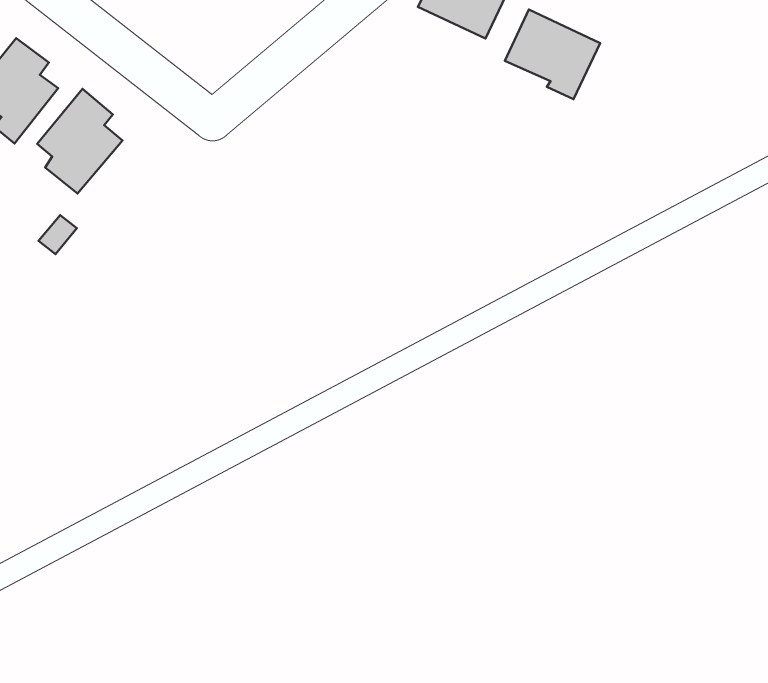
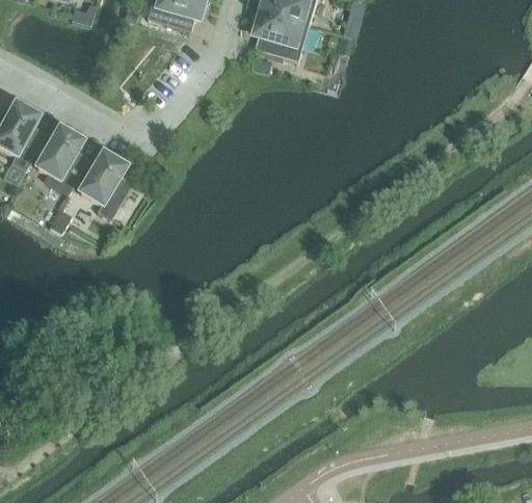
building: [505,10,600,99] -> none
building: none -> [79,150,130,213]

